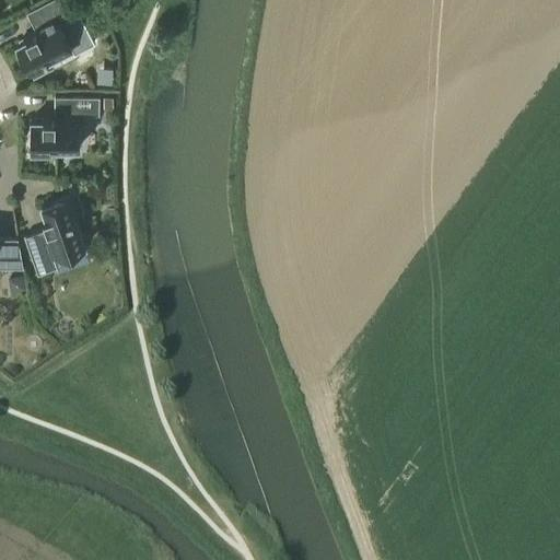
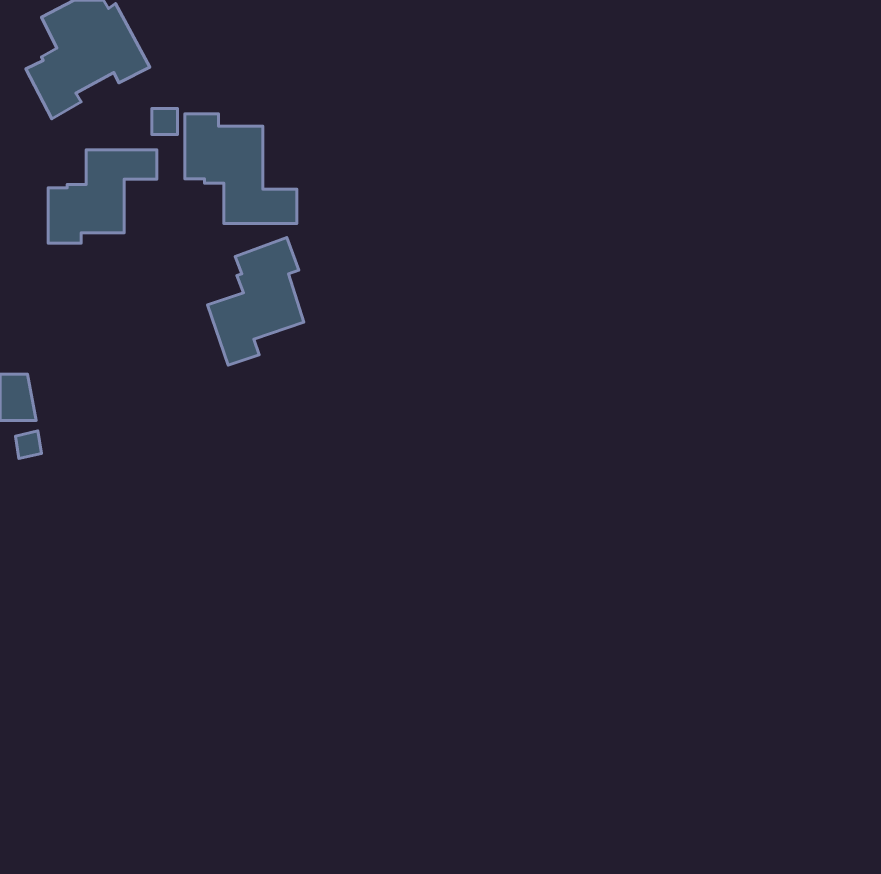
building: none -> [185,114,297,224]
building: [24,197,85,278] -> [207,238,304,365]

